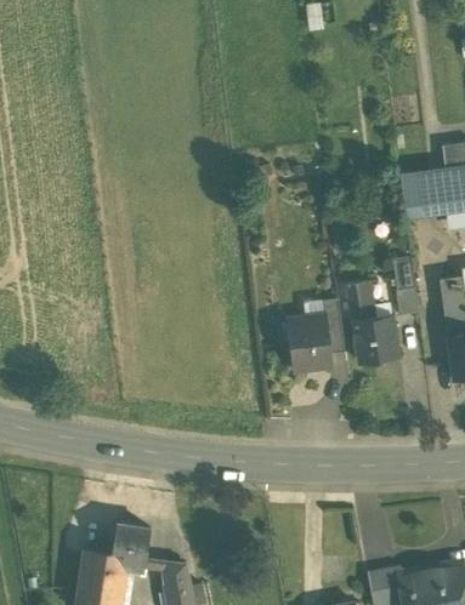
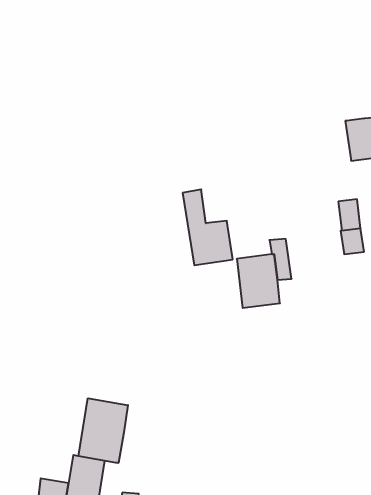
building: [347,281,399,360] -> [183,189,233,265]
building: none -> [78,398,128,463]

